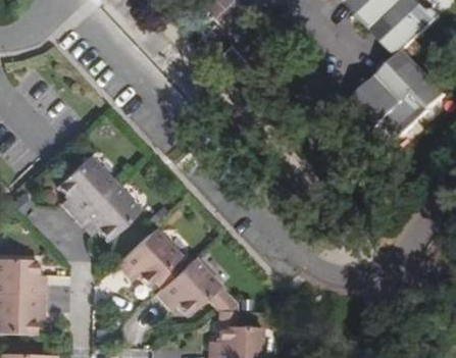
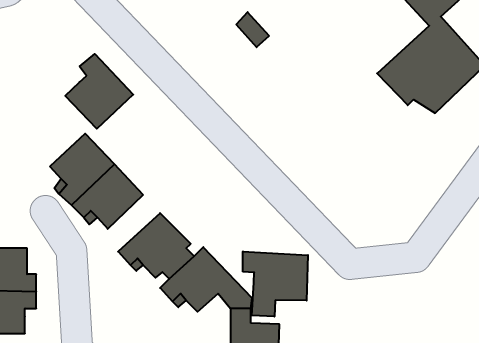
building: none -> [65,54,133,129]
building: none -> [243,251,308,317]

